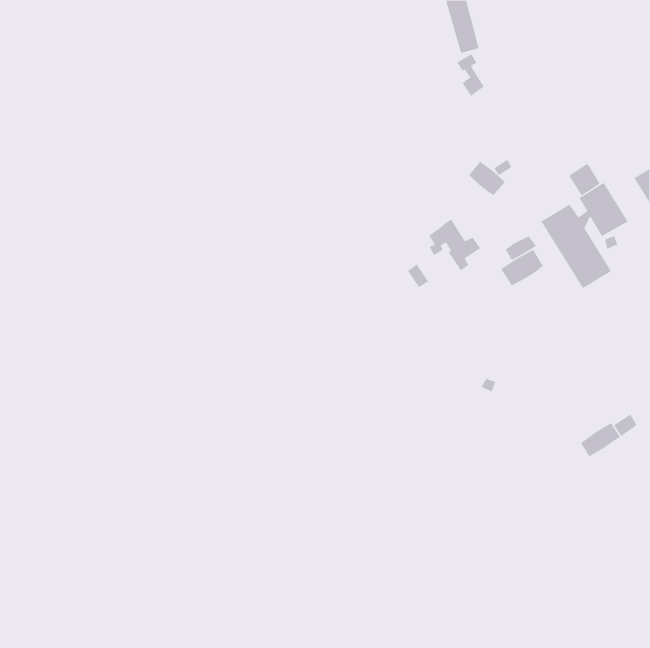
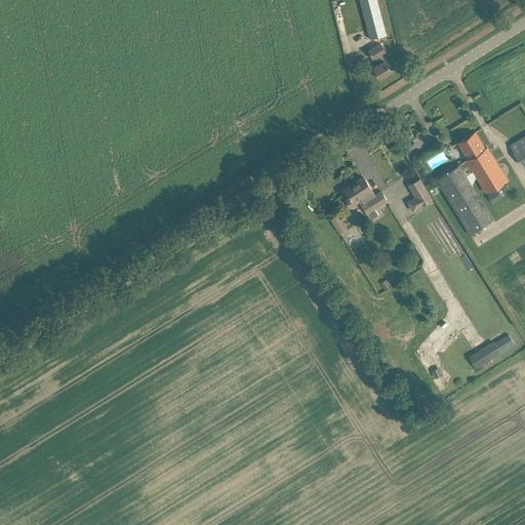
building: [469,161,505,196] -> none
building: [501,249,544,286] -> none

